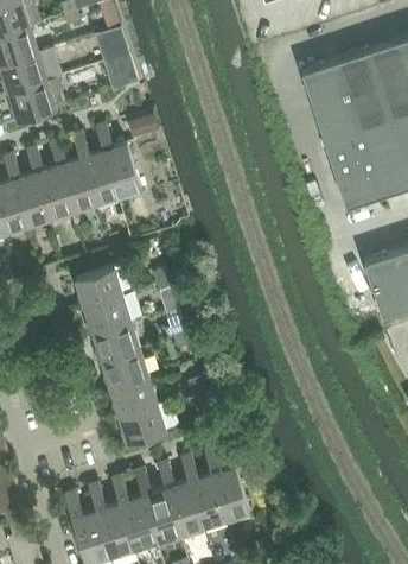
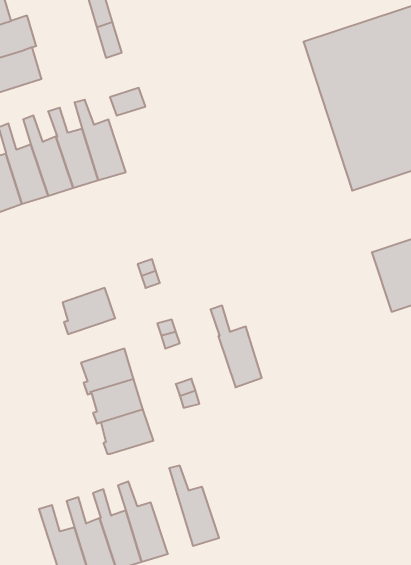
building: [76,270,123,311] -> none
building: [94,324,141,366] -> none
building: [204,449,250,522] -> [210,306,262,387]
building: [159,464,203,537] -> none

